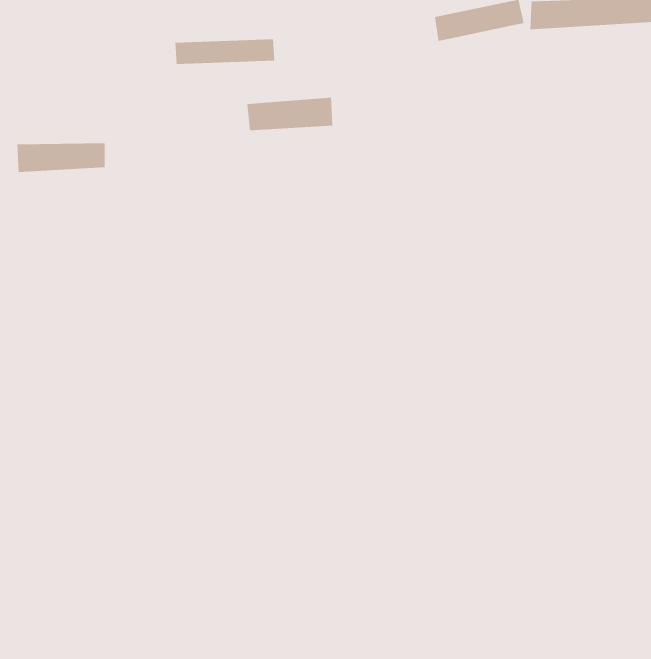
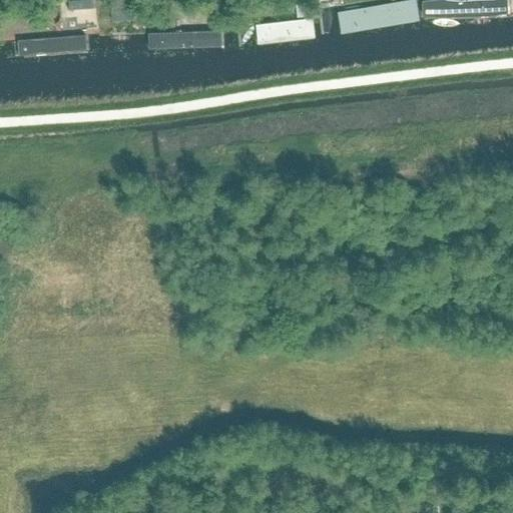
building: [247,97,333,131] -> [255,17,323,43]
building: [16,143,106,173] -> [17,36,86,59]

